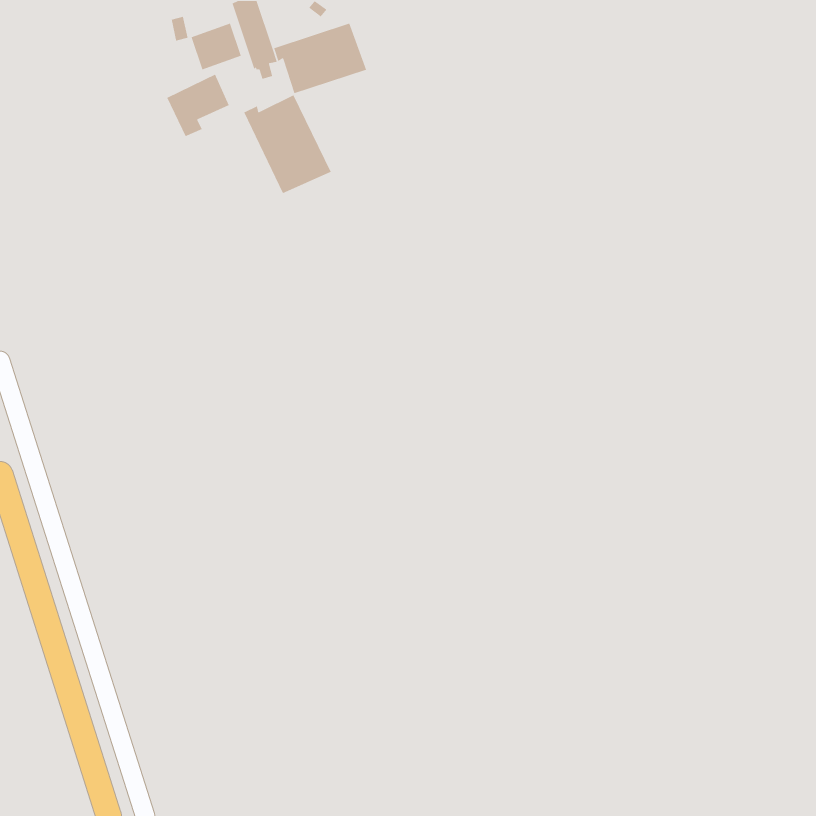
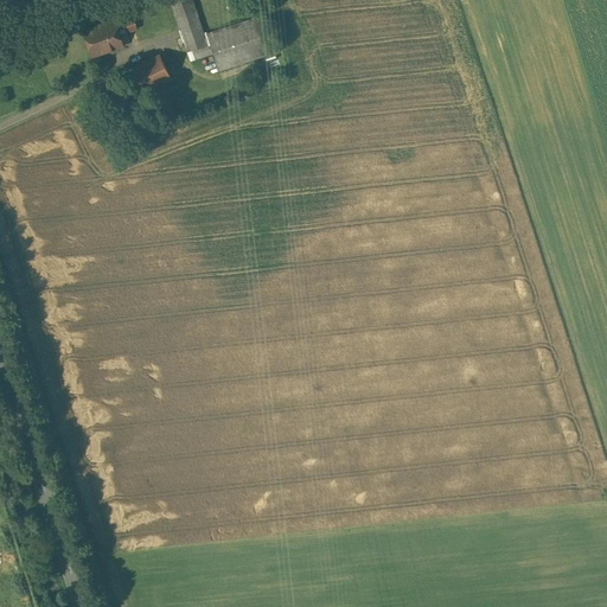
building: [191,23,242,70] -> [84,20,122,56]
building: [243,94,332,194] -> none

